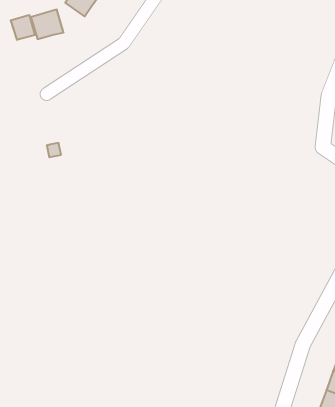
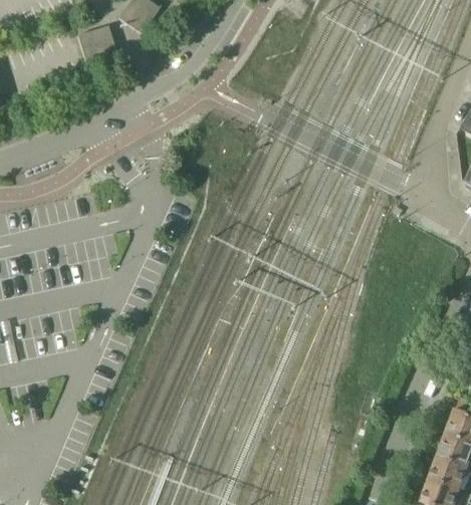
building: [11,15,35,40] -> none

